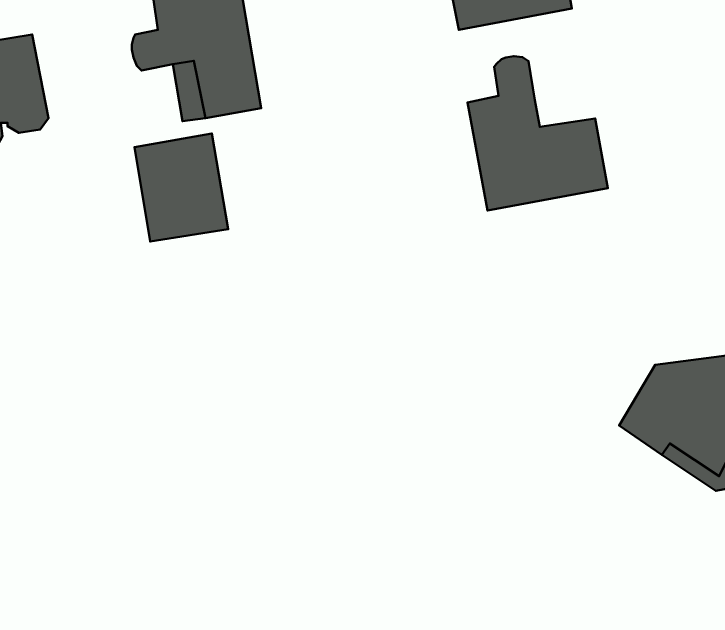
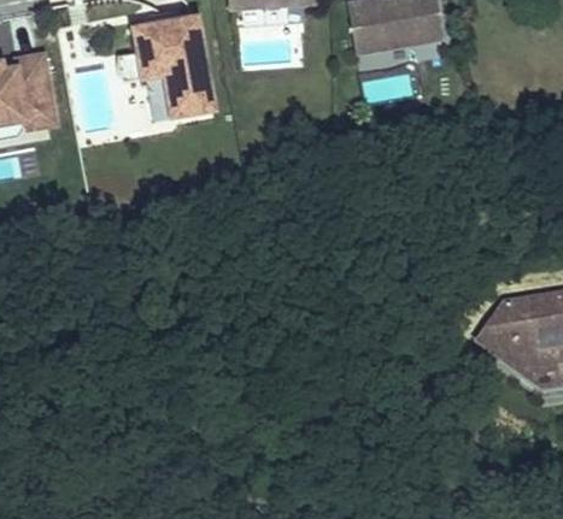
building: [468,56,608,211] -> none
building: [134,133,228,242] -> none

